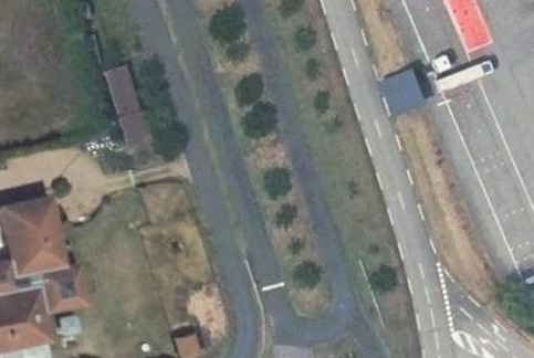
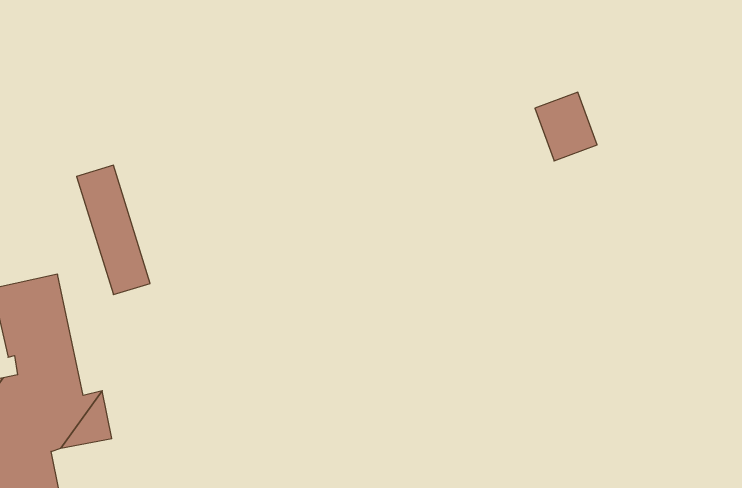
building: [101,63,151,152] -> [77,165,150,295]

